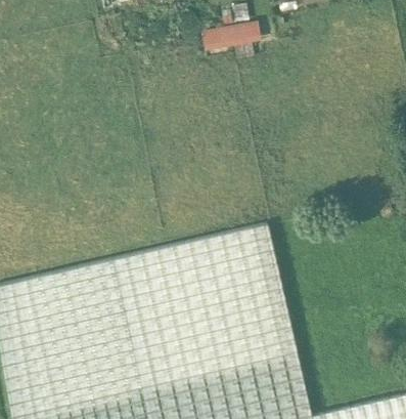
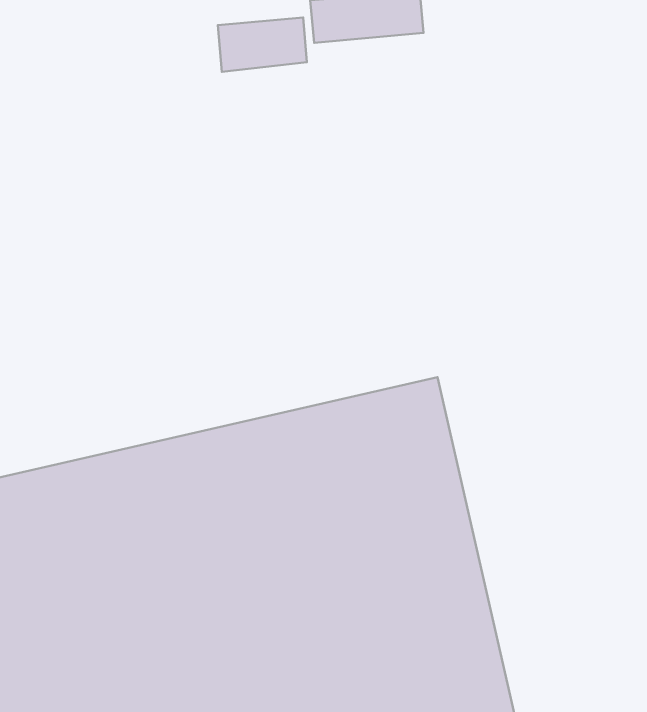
building: none -> [218,18,307,72]

